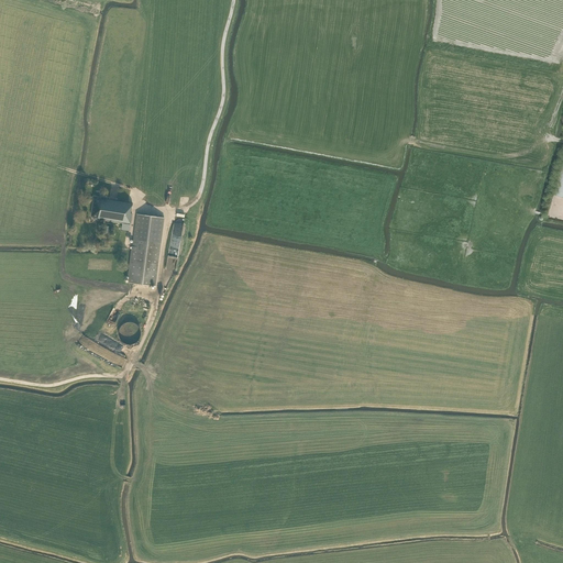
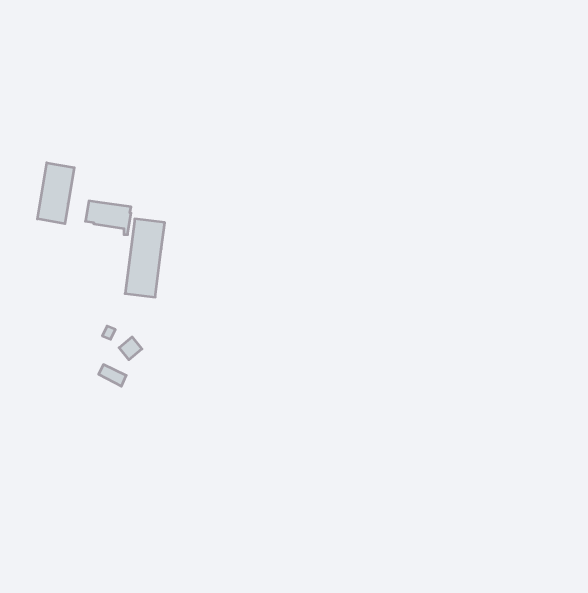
building: none -> [37,163,74,224]

